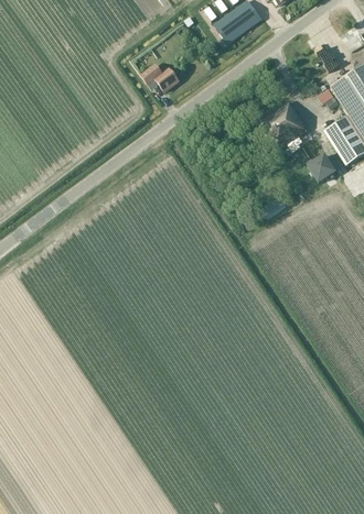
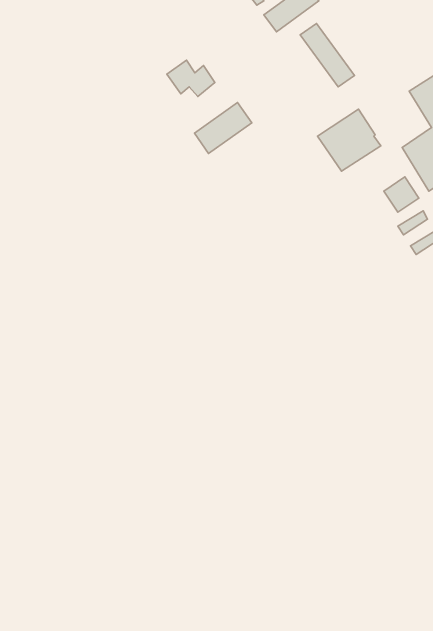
building: none -> [300,23,354,87]
building: none -> [195,103,252,154]

